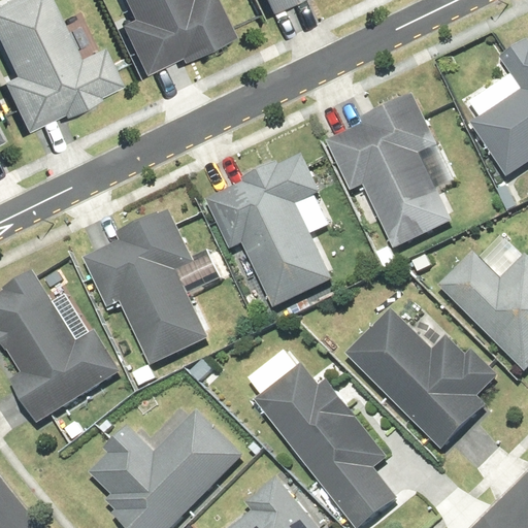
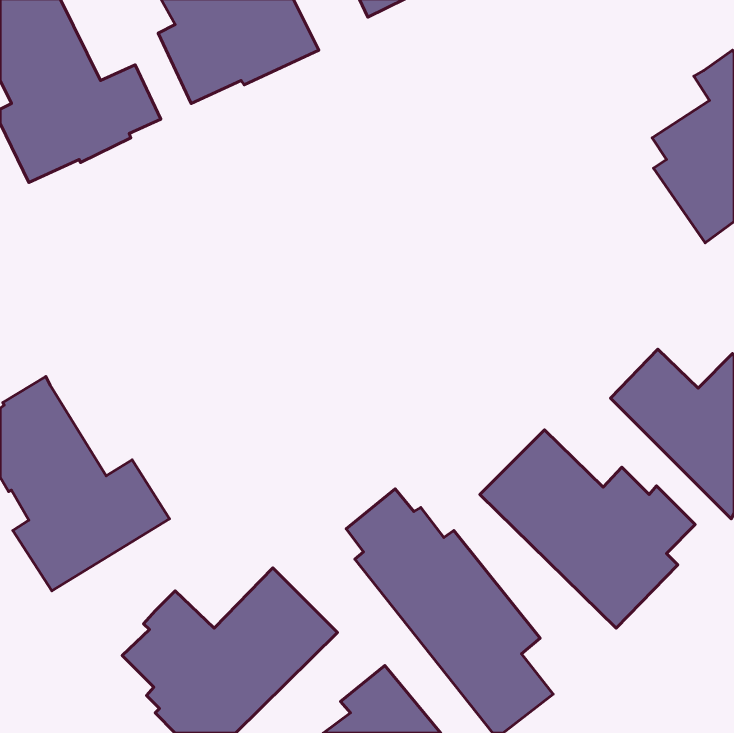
building: [326,93,452,250] -> none
building: [205,154,333,308] -> none
building: [82,210,209,367] -> none

